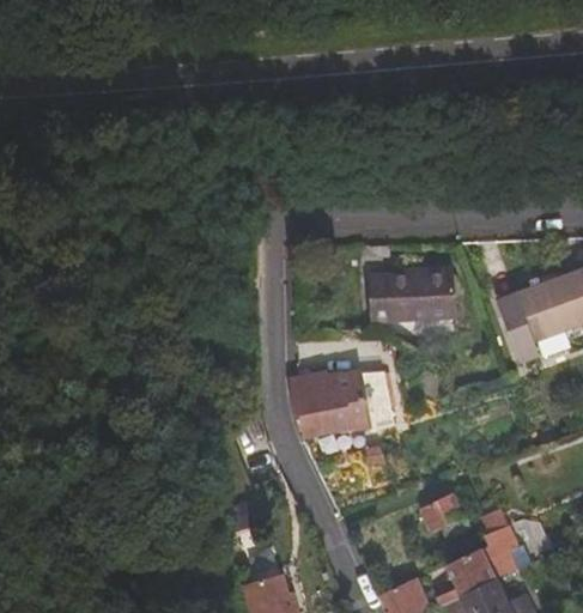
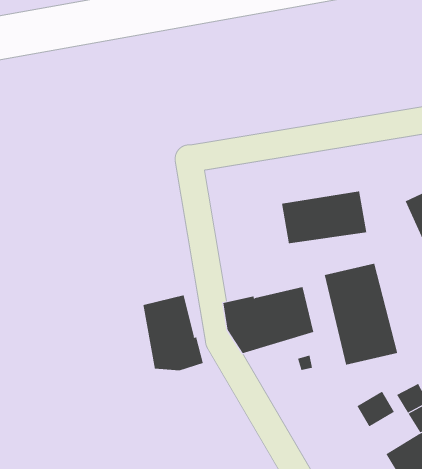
building: none -> [324,263,398,365]
building: none -> [143,295,203,371]

